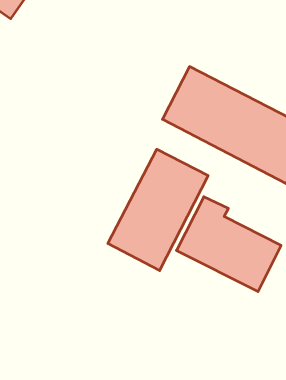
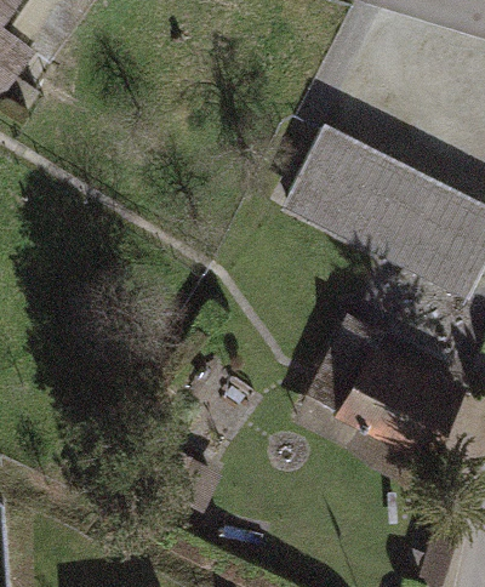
building: [108,149,208,271] -> none

